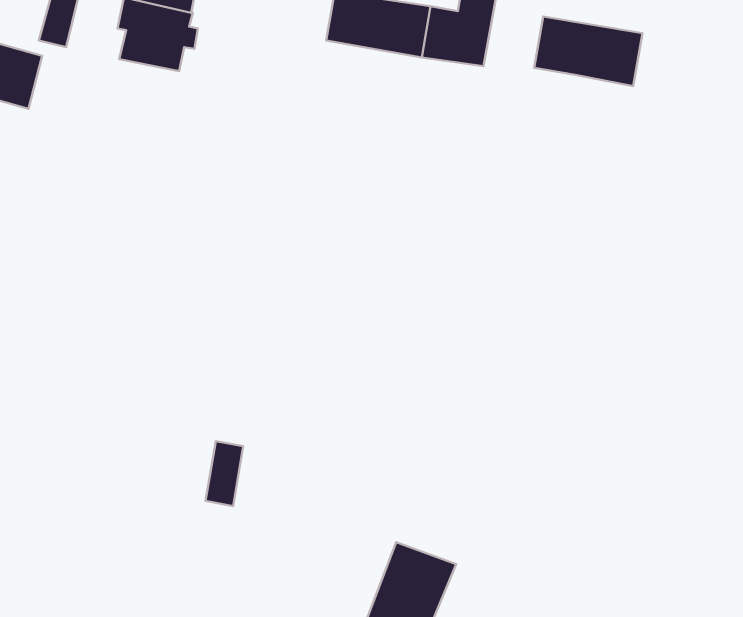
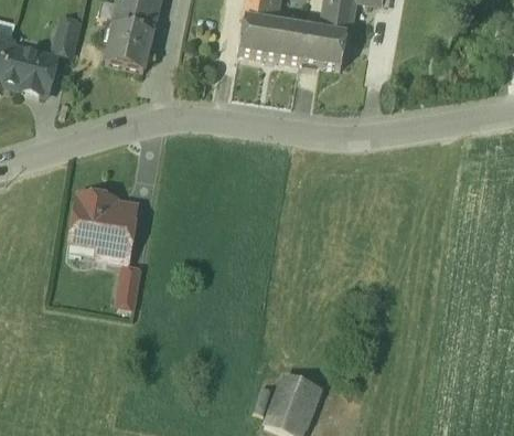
building: [534,16,643,86] -> none
building: none -> [71,193,136,259]
building: [206,441,243,506] -> [118,264,142,306]

